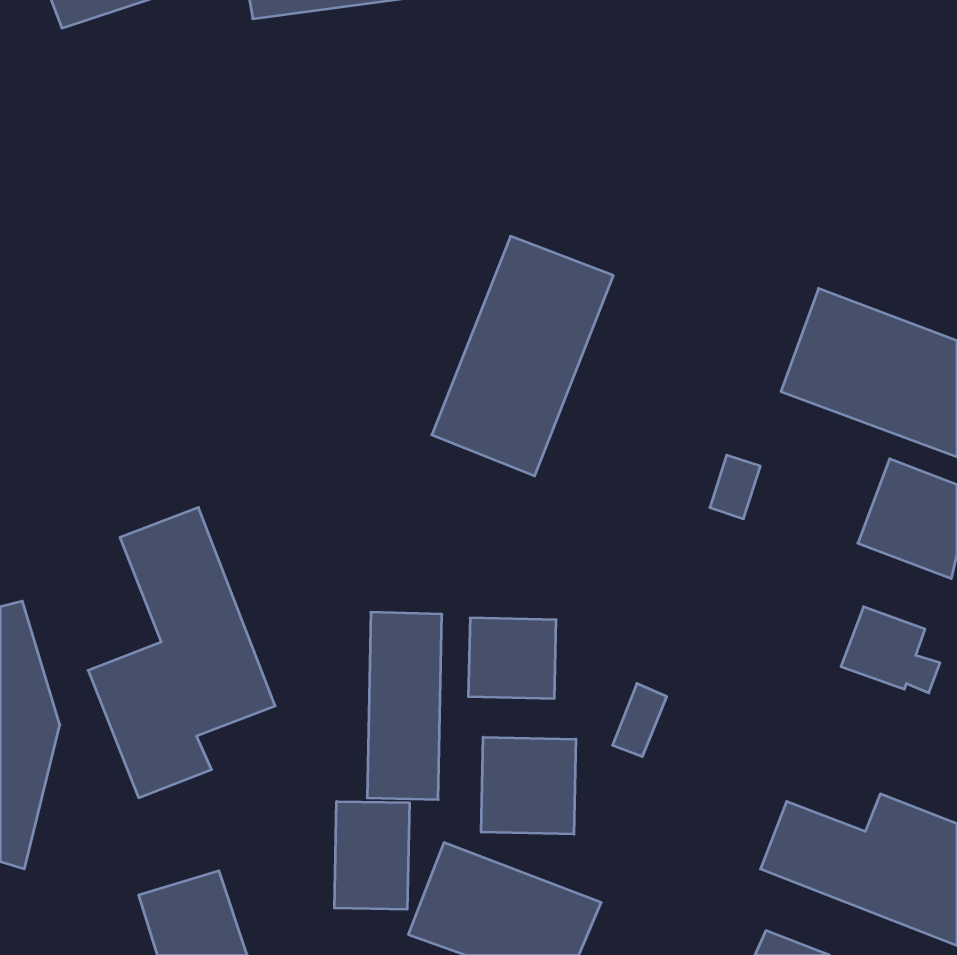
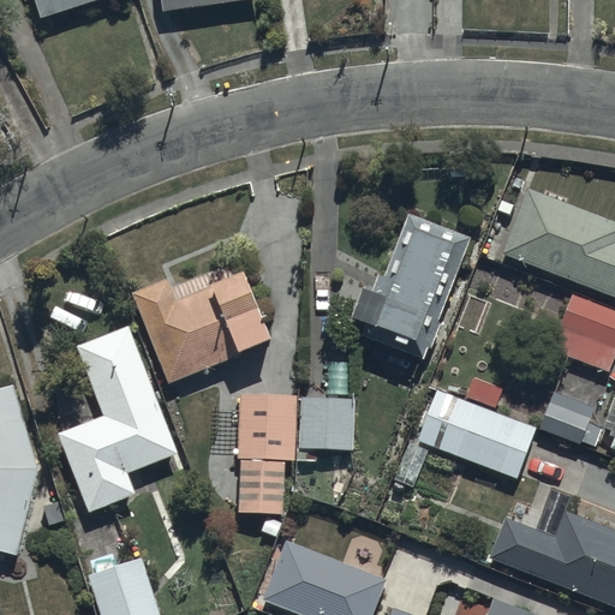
building: [432,236,613,476] -> [353,210,470,364]
building: none -> [129,269,270,383]
building: none -> [417,392,536,478]
building: [481,737,576,834] -> none
building: [334,801,409,909] -> none

